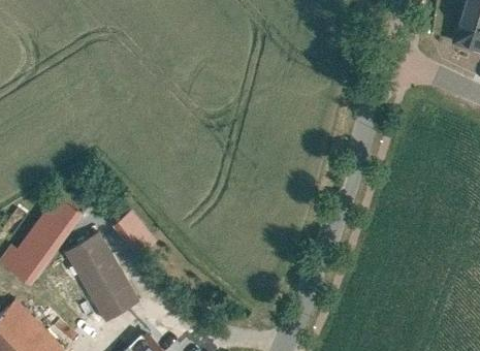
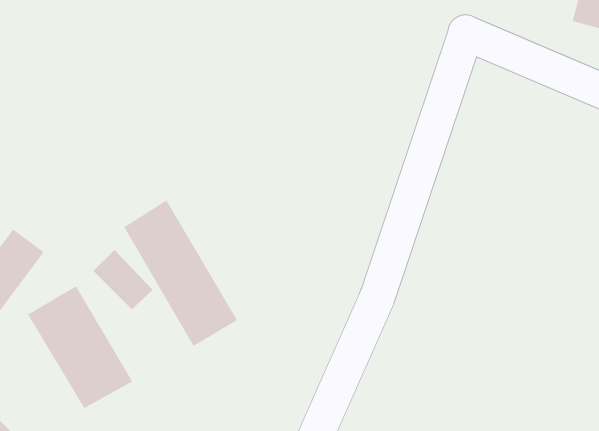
building: none -> [123,200,238,347]

